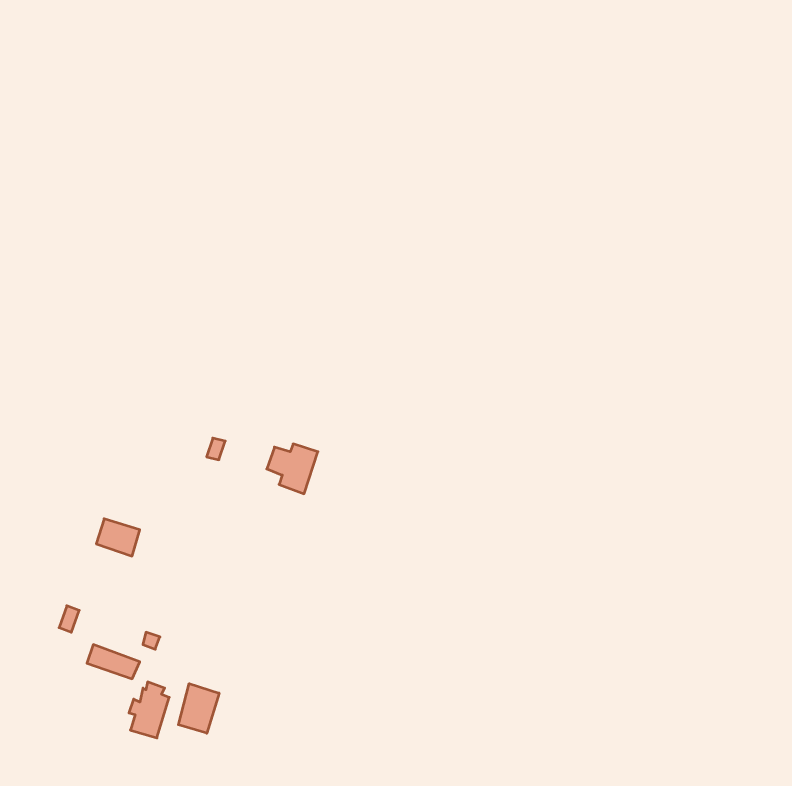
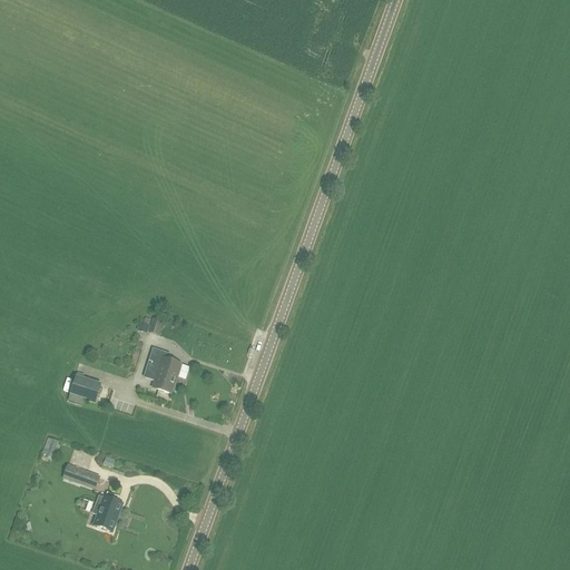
building: [267,444,318,494] -> [144,356,180,392]
building: [178,684,219,733] -> none

